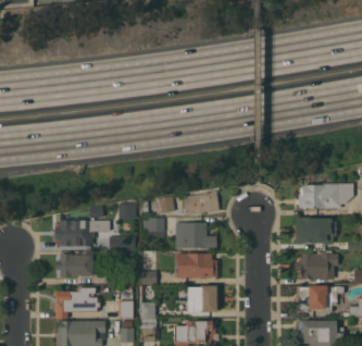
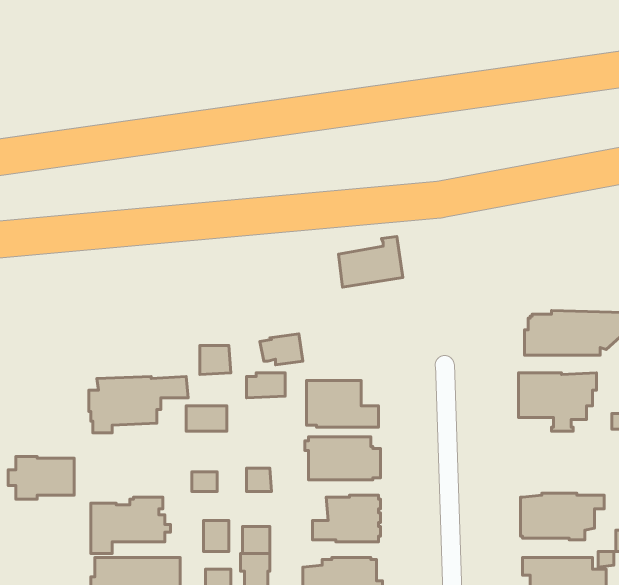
building: [183,187,219,215] -> [339,237,403,287]
building: [296,250,338,280] -> none
building: [55,254,92,277] -> [8,456,74,499]

